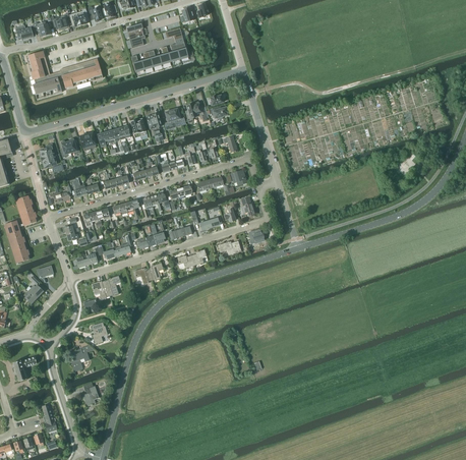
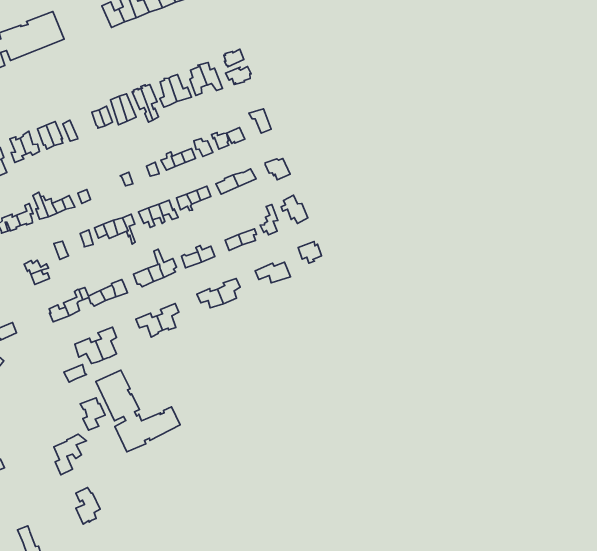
building: none -> [96,370,180,452]

